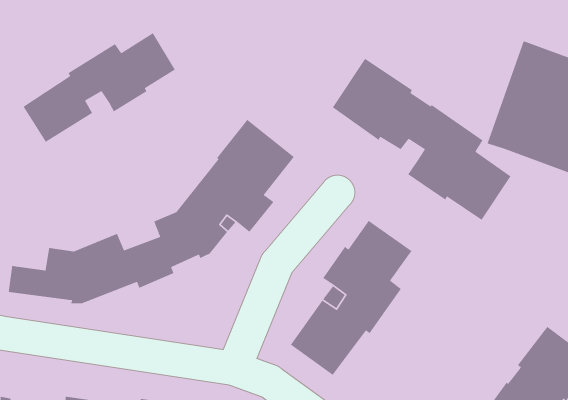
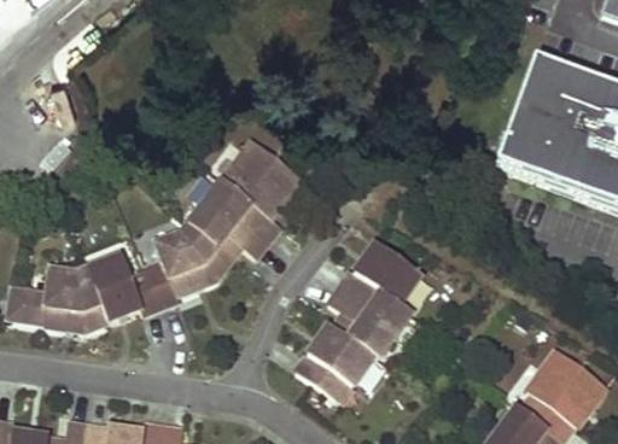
building: [22,32,176,143] -> none
building: [332,58,512,221] -> none

